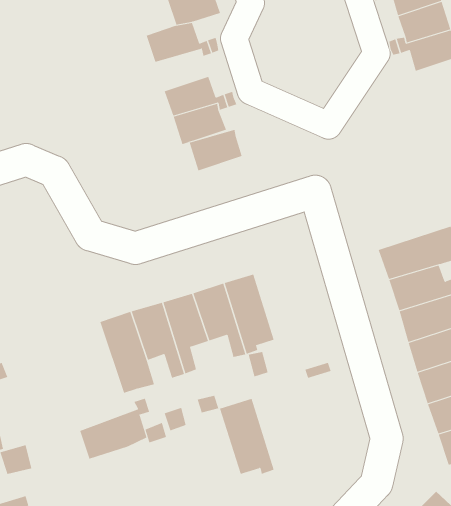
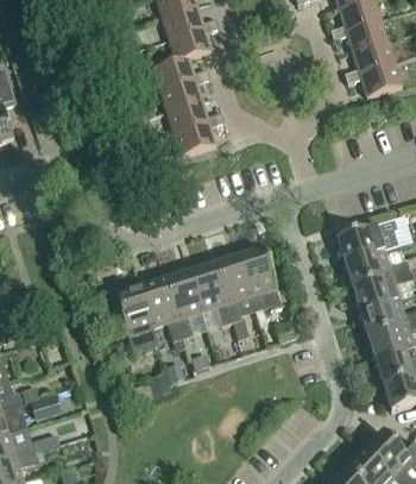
building: [189,129,243,171] -> [159,80,202,113]
building: [80,398,150,459] -> none
building: [219,398,275,474] -> [238,250,282,310]

